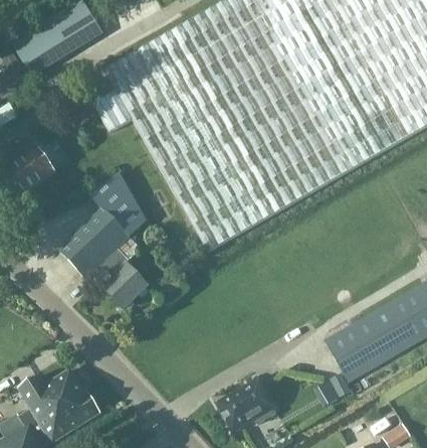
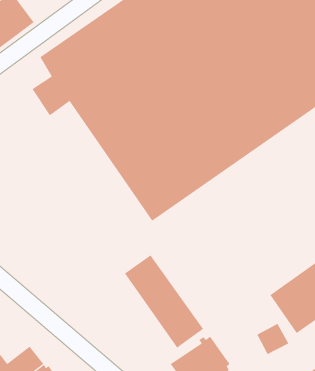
building: [58,172,150,309] -> none
building: none -> [124,254,204,349]

